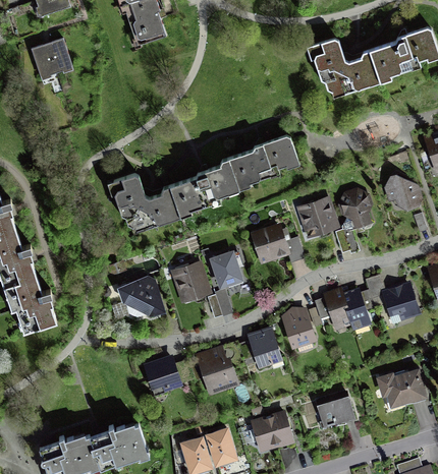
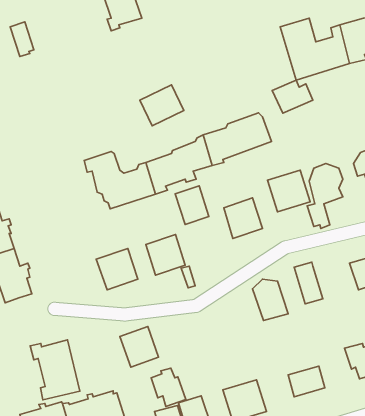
building: [46,37,71,70] -> none
building: none -> [272,80,313,113]
building: none -> [140,85,184,126]
building: [208,250,242,290] -> [175,186,209,224]
building: [342,288,372,332] -> none
building: [247,328,282,369] -> none
building: [200,348,235,388] -> [151,368,186,407]
building: none -> [30,340,80,400]

